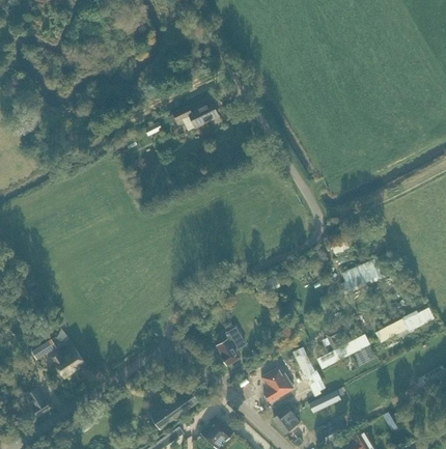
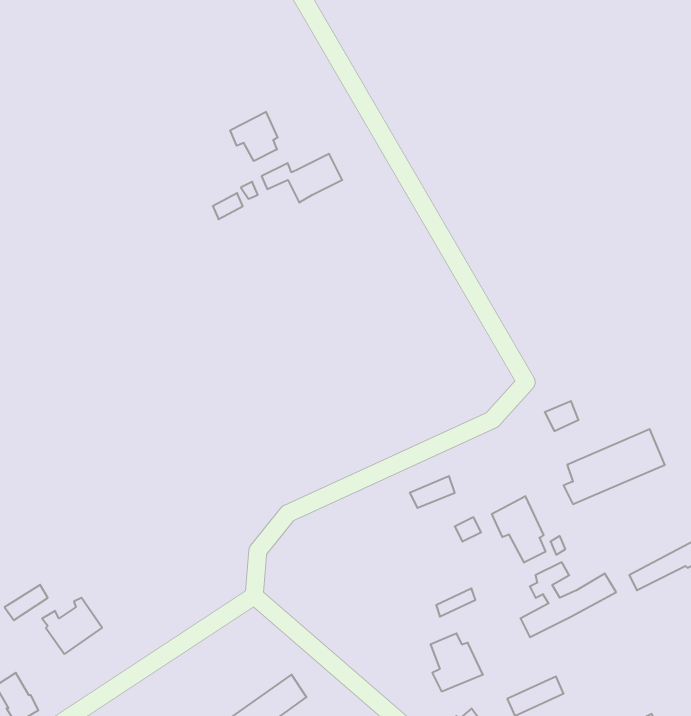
building: none -> [230,112,278,161]
building: none -> [492,496,546,563]
building: [215,330,244,367] -> none

